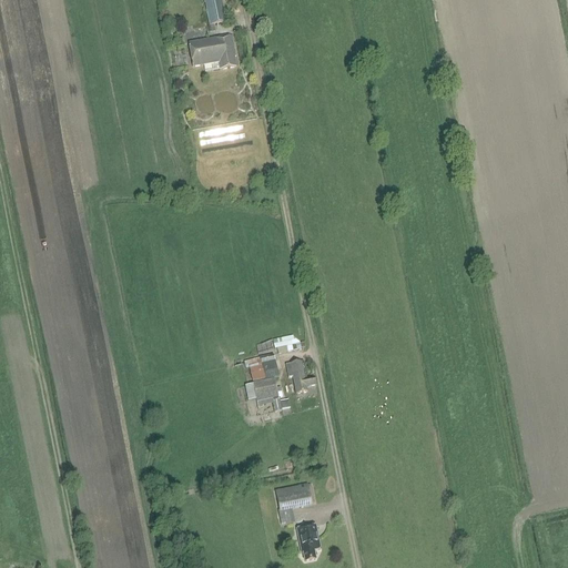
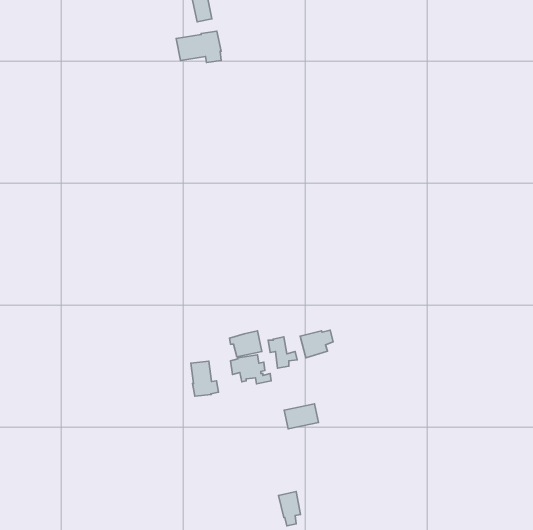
building: none -> [300,330,333,358]
building: none -> [191,361,218,396]
building: [275,483,312,509] -> [284,404,319,429]

